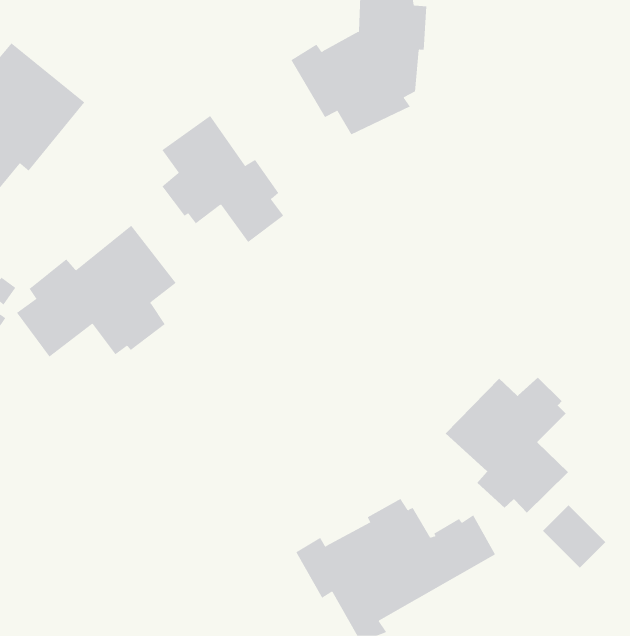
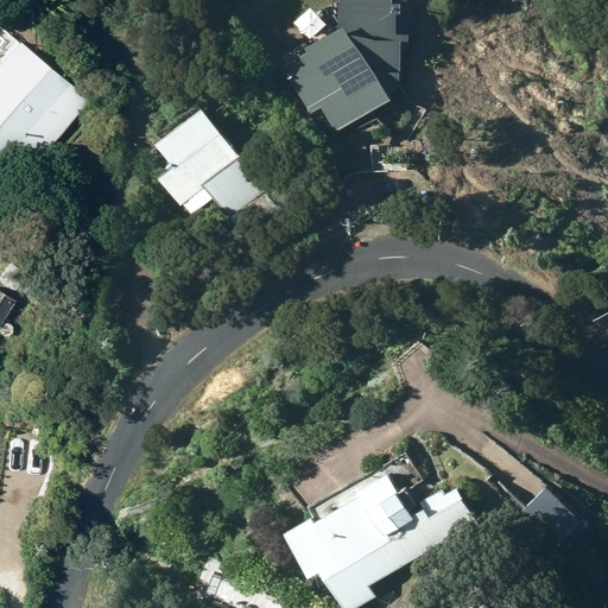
building: [16,225,177,357] -> none
building: [445,377,569,514] -> none

